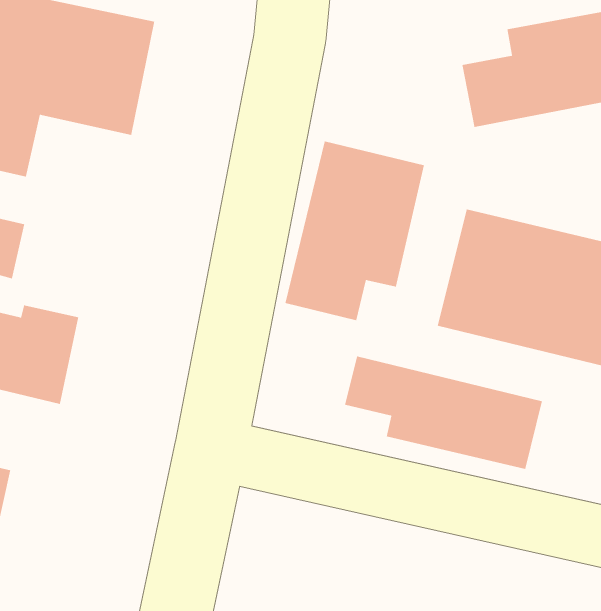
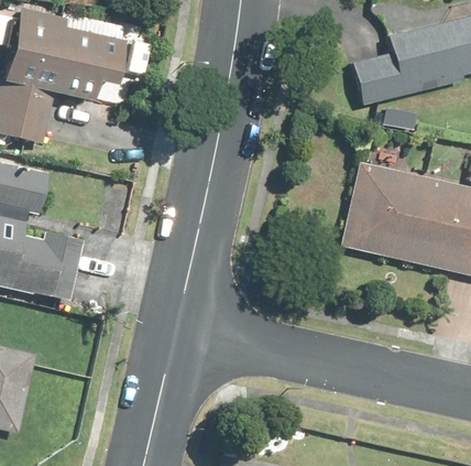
building: [285,140,425,321] -> none
building: [344,355,543,470] -> none

